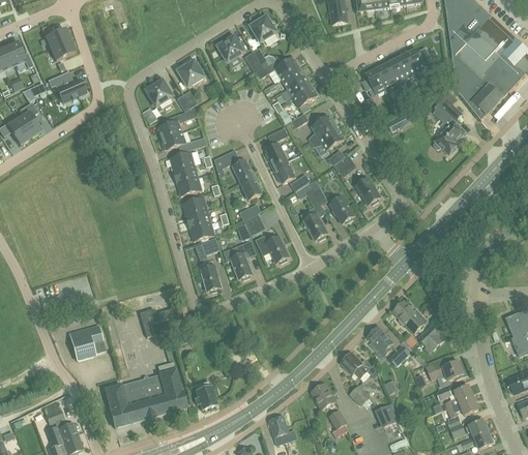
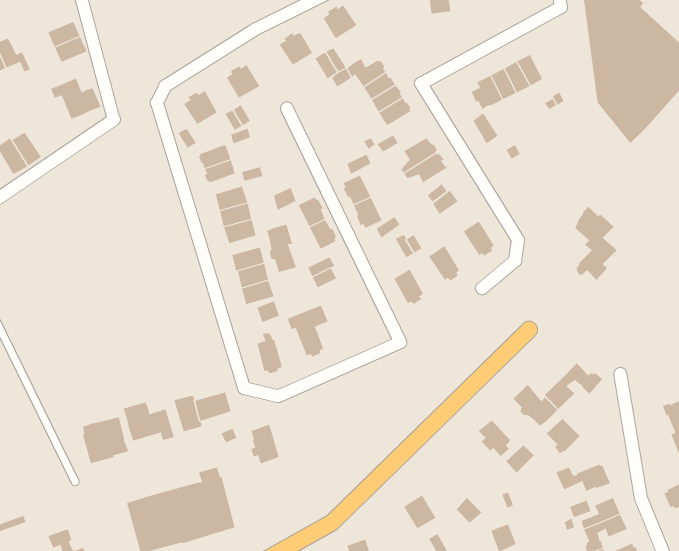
building: [406,46,434,71] -> none
building: [432,97,464,153] -> [574,206,617,281]
building: none -> [267,224,297,273]
building: [255,235,288,263] -> none
building: none -> [544,362,603,410]
building: none -> [123,402,174,442]
building: [340,351,371,377] -> none
building: [194,380,215,410] -> [250,424,280,464]

